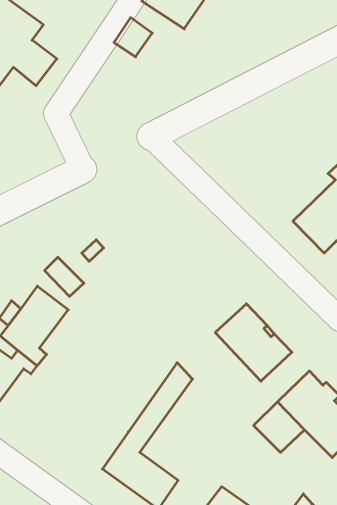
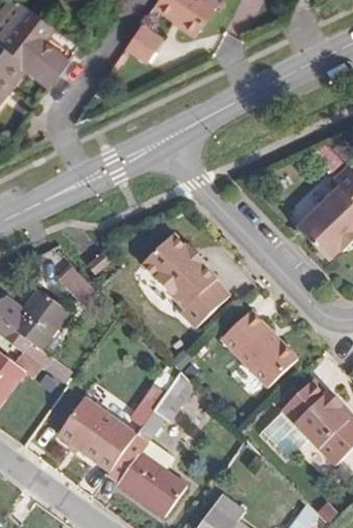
building: none -> [141,230,230,325]
building: none -> [63,412,133,473]

